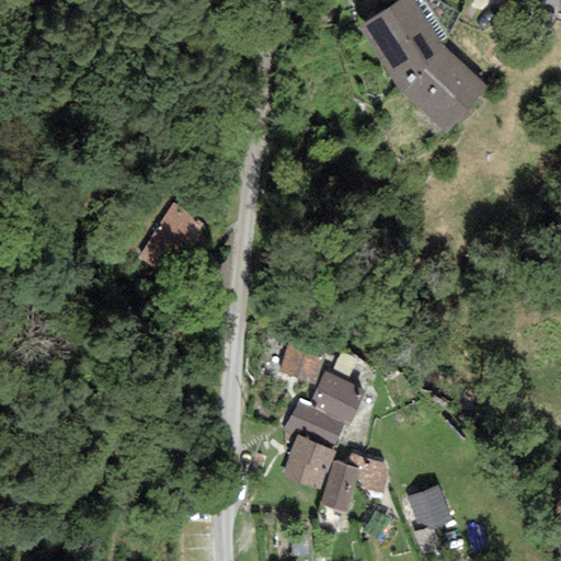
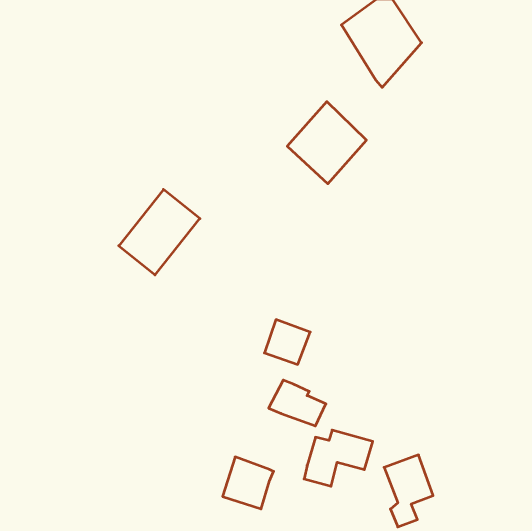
building: [402,45,485,131] -> [287,102,366,184]
building: [309,371,365,426] -> none
building: [283,435,336,490] -> [223,457,274,509]

